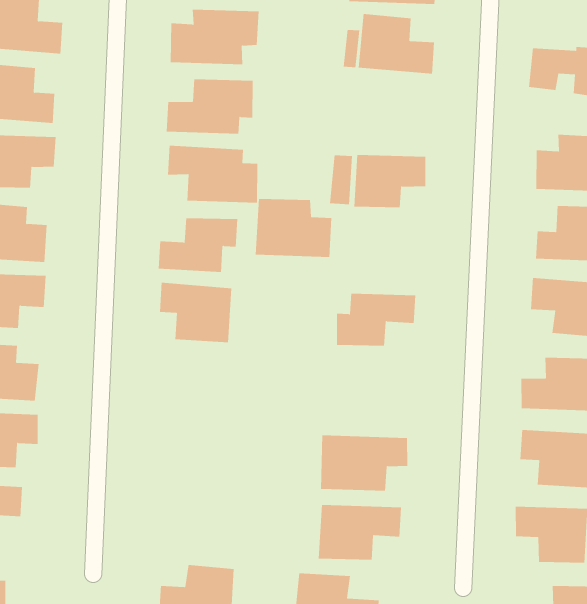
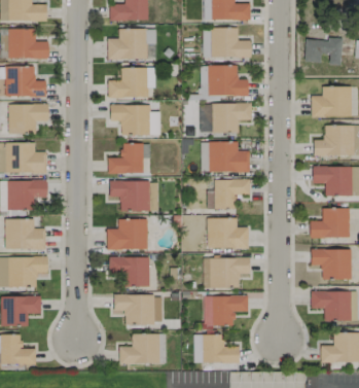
building: none -> [209,65,249,96]
building: [255,199,332,257] -> [209,141,250,173]
building: none -> [107,219,148,249]
building: none -> [208,218,249,248]
building: none -> [110,257,150,286]
building: none -> [114,294,163,324]

